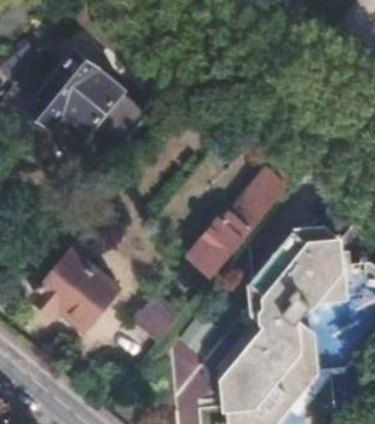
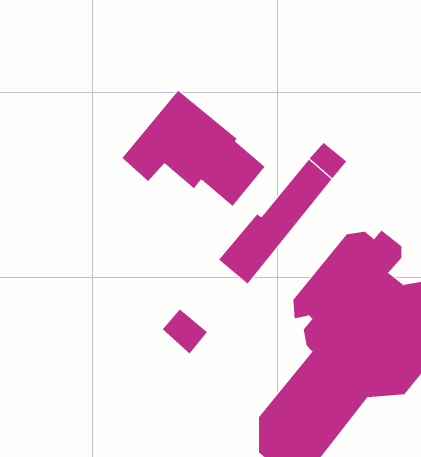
building: [29,51,146,147] -> [121,90,265,207]
building: [33,250,119,326] -> none

